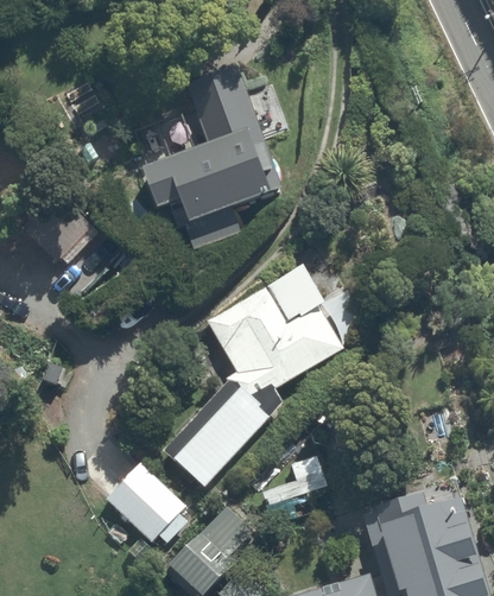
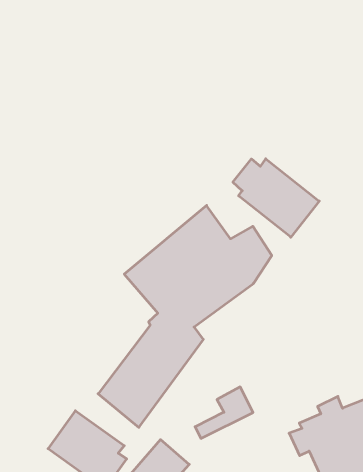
building: [128,69,278,255] -> none
building: none -> [233,159,319,237]

